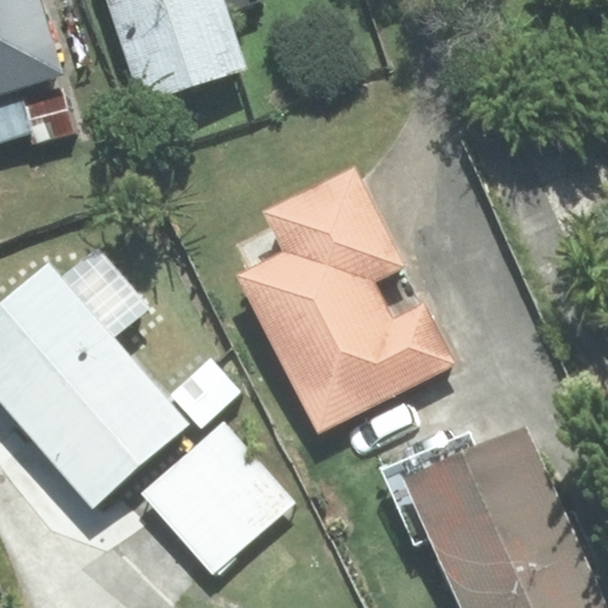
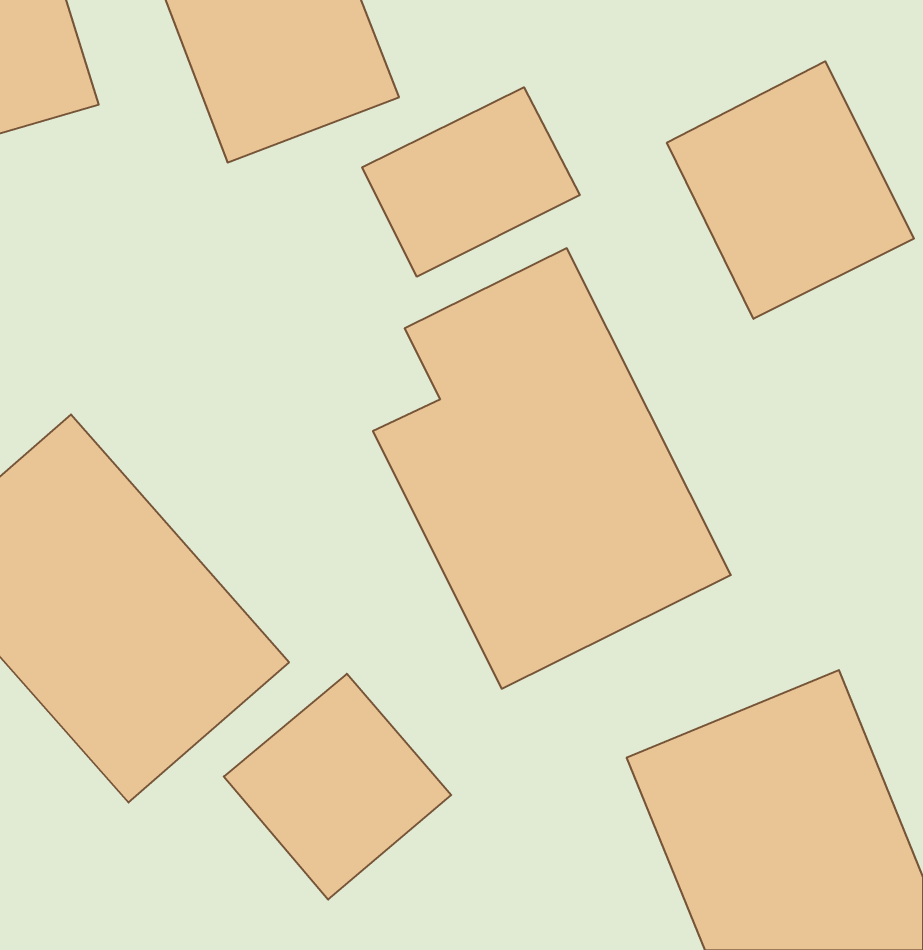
building: none -> [667,61,914,319]
building: none -> [362,87,580,277]

